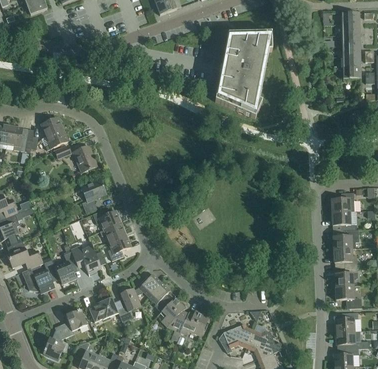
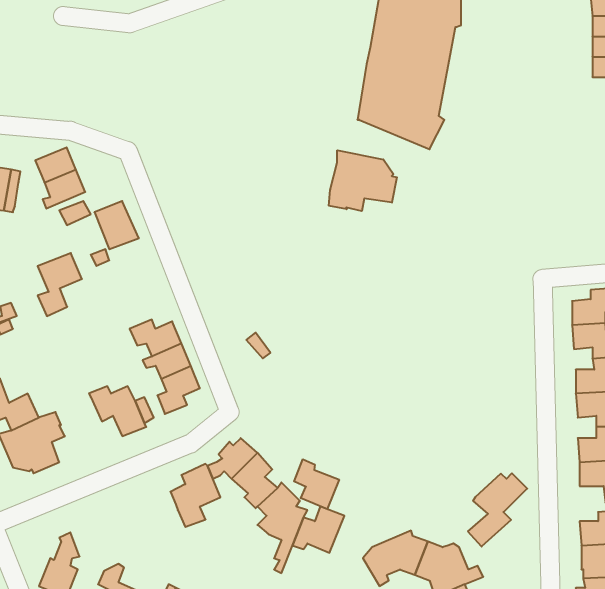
building: none -> [329,150,397,211]
building: [81,179,105,213] -> [38,253,82,316]
building: [54,251,77,283] -> none
building: none -> [294,459,339,509]
building: none -> [468,473,527,547]
building: [89,296,118,321] -> none
building: [60,309,86,337] -> none

